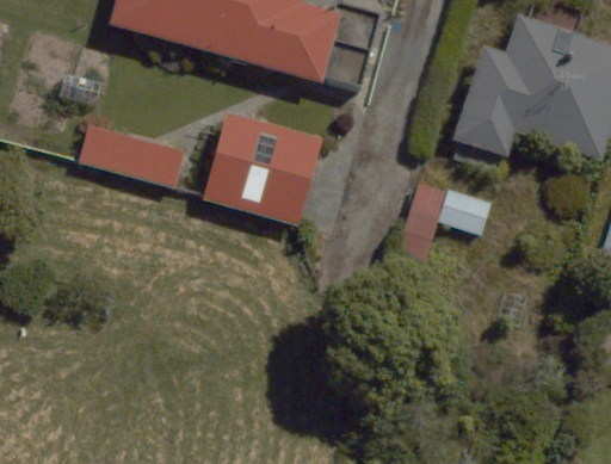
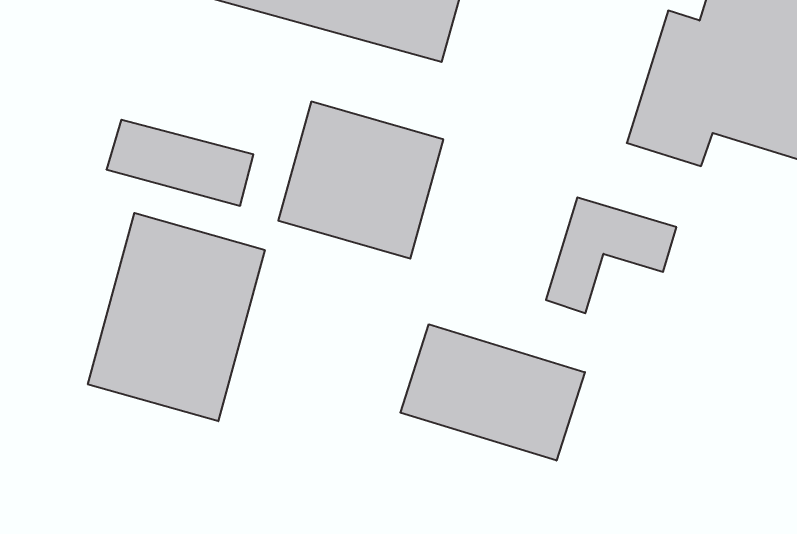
building: none -> [88,213,265,421]
building: none -> [400,324,585,461]

